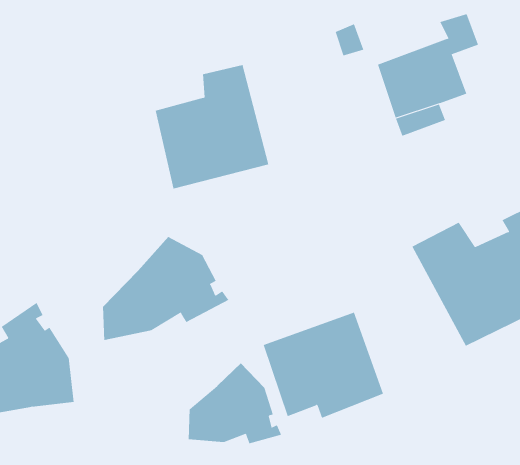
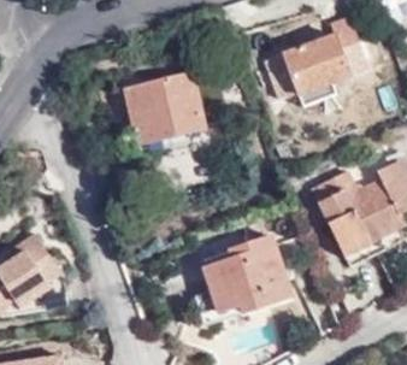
building: [102,236,229,341] -> none
building: [188,363,282,444] -> none

